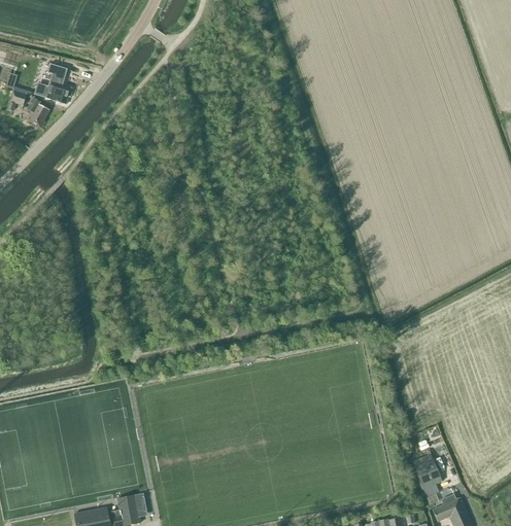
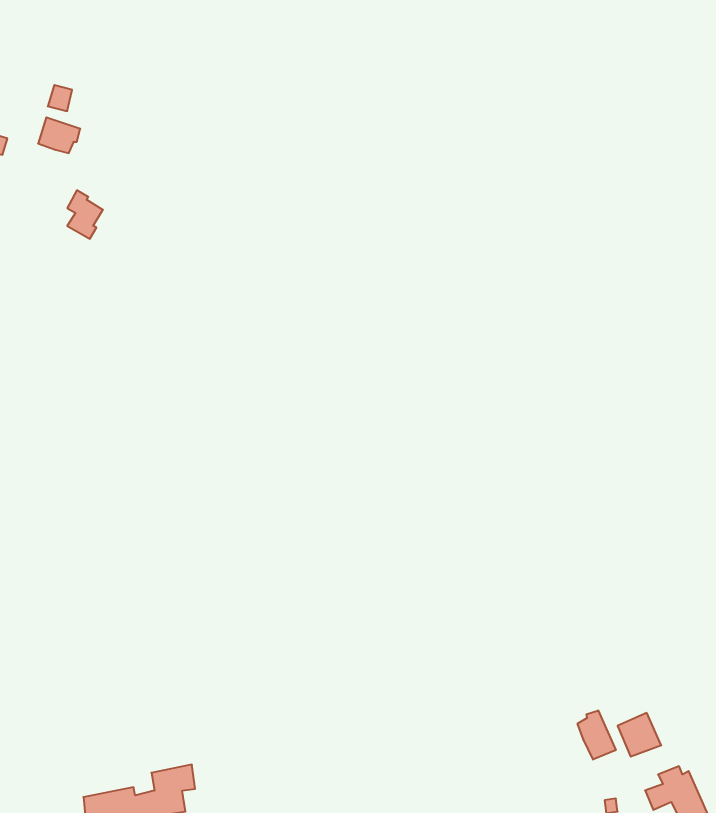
building: [26,97,48,128] -> [67,190,103,239]
building: none -> [578,710,616,760]

